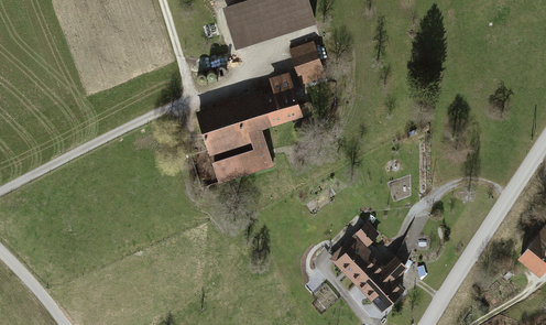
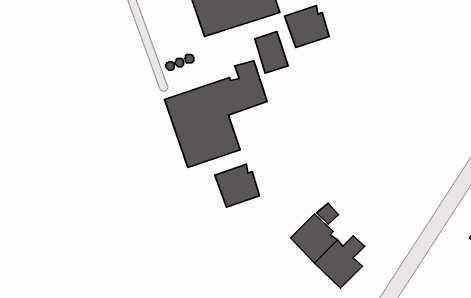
building: none -> [285,6,329,48]
building: none -> [215,164,260,207]

